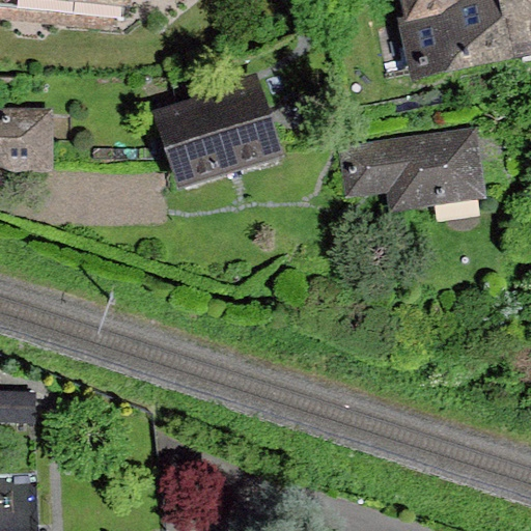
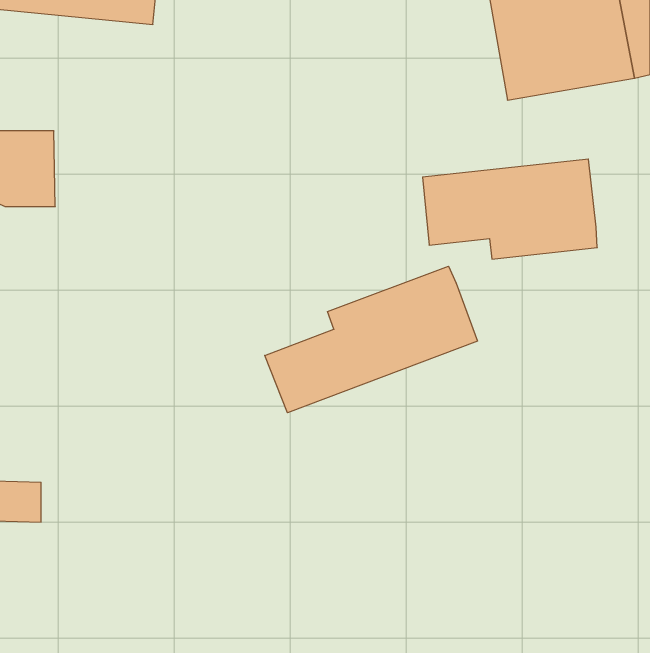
building: [153,77,283,190] -> none
building: none -> [265,266,478,413]

